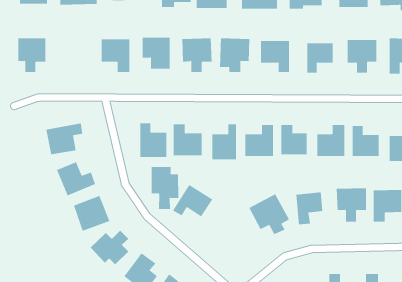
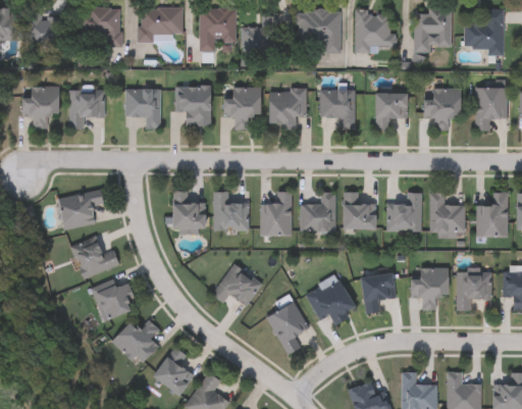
building: none -> [69,90,103,129]
building: [151,166,179,210] -> none
building: none -> [266,302,309,355]

